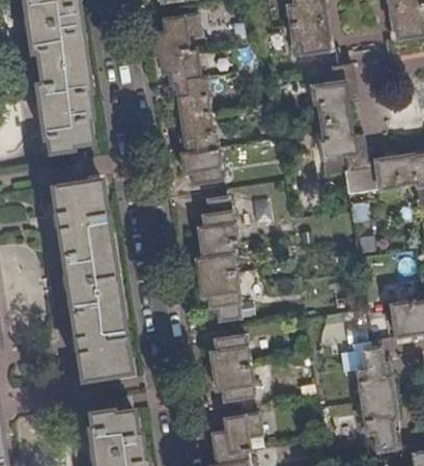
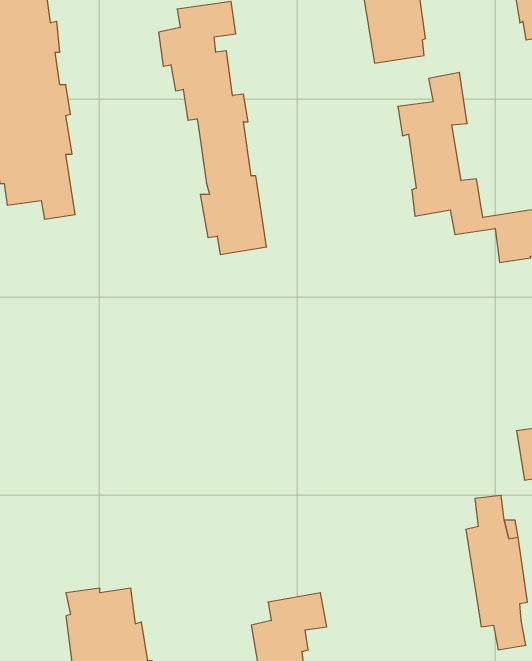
building: [52,179,131,380] -> none
building: [196,198,242,322] -> none
building: [210,336,255,401] -> none

